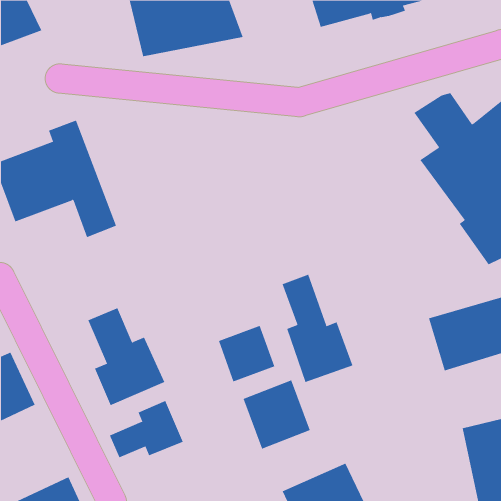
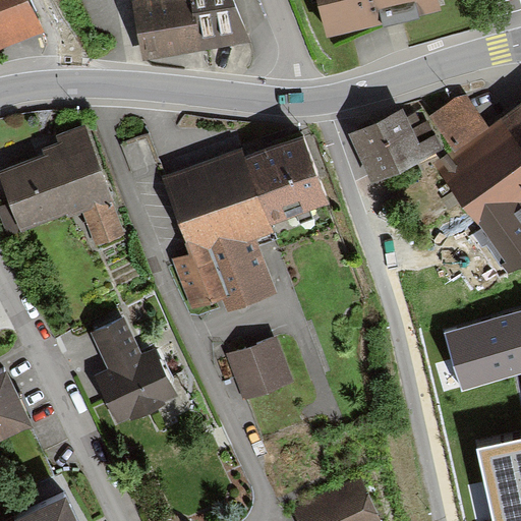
building: none -> [349,109,444,184]
building: none -> [160,143,320,310]
building: [282,274,353,383] -> none
building: [243,380,311,449] -> none
building: [109,400,184,458] -> none

